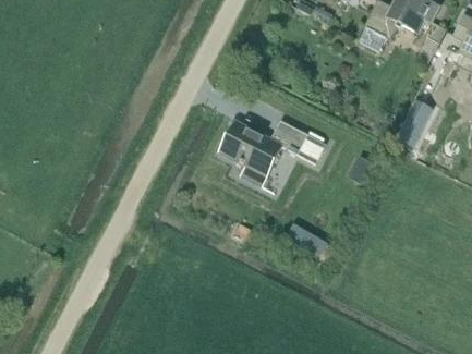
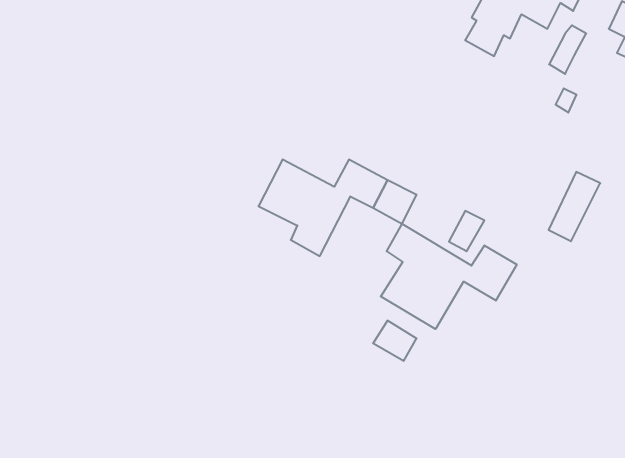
building: [397,99,432,146] -> [549,172,600,241]
building: none -> [381,224,517,329]

